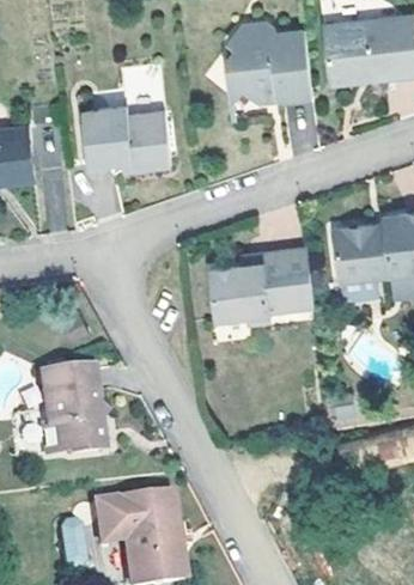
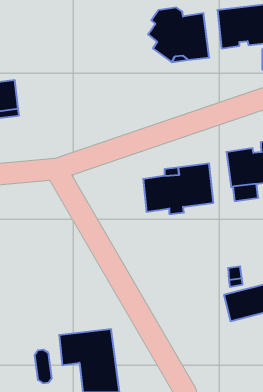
building: [83,104,171,165] -> none
building: [39,365,110,450] -> none

